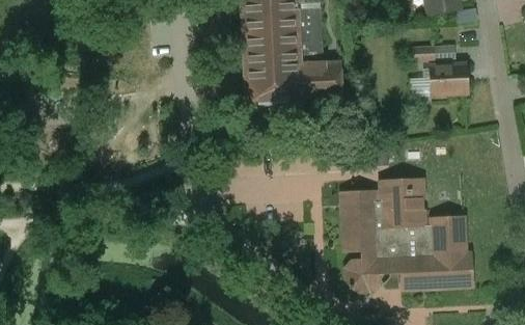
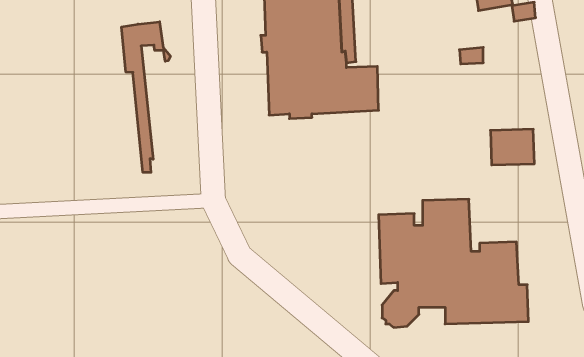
building: none -> [122,22,170,172]
building: [431,63,469,94] -> [490,129,534,165]

